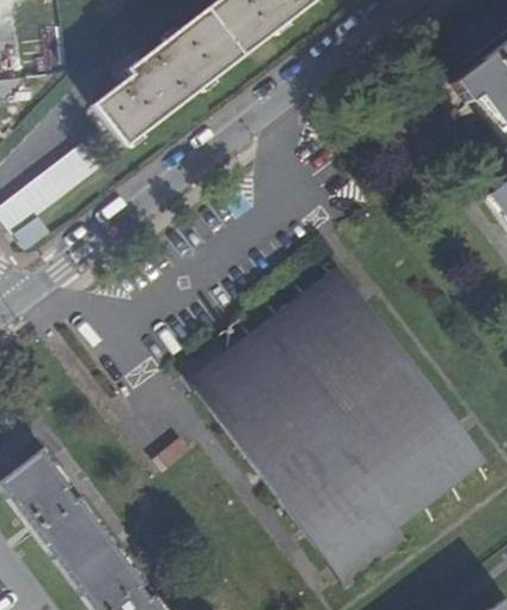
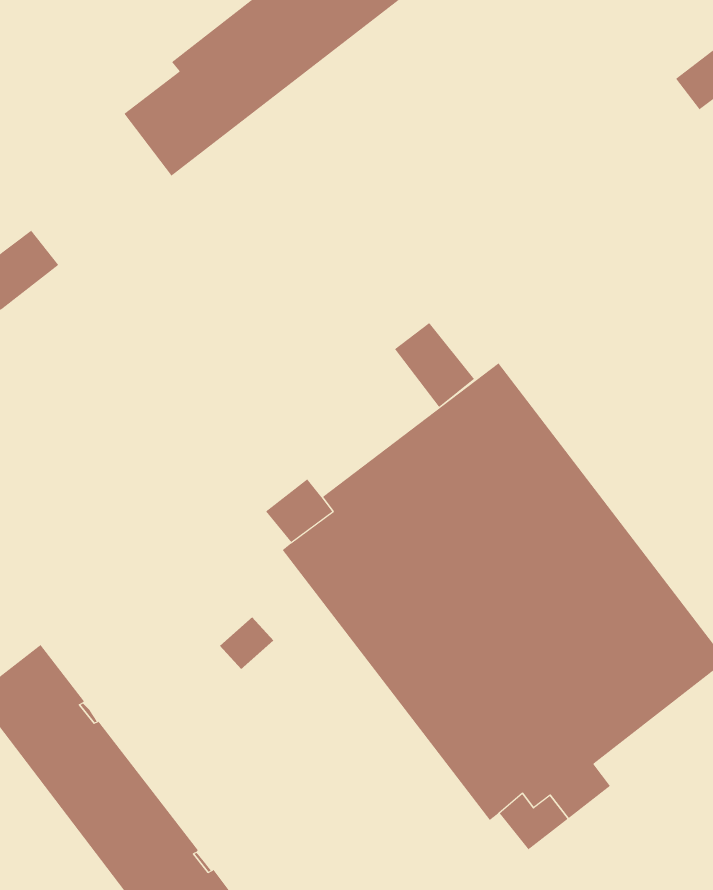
building: [36,141,103,202] -> none
building: none -> [394,322,475,408]

